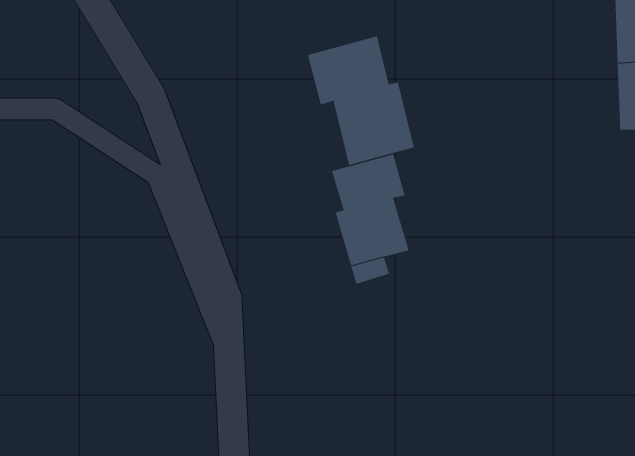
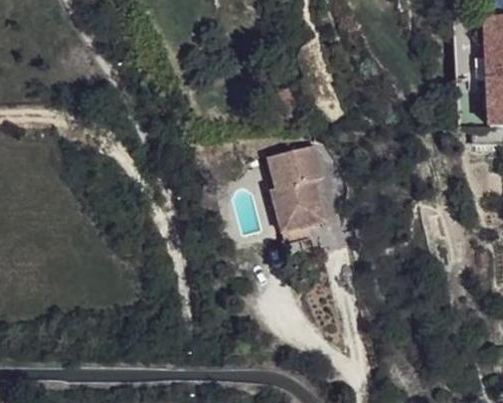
building: [307,35,415,166] -> none

